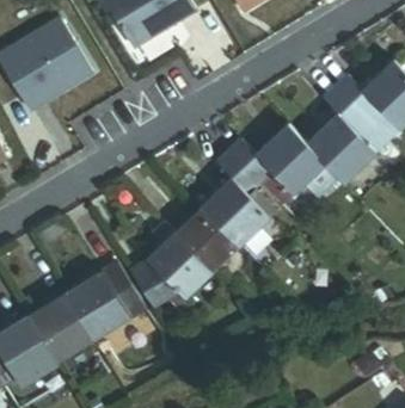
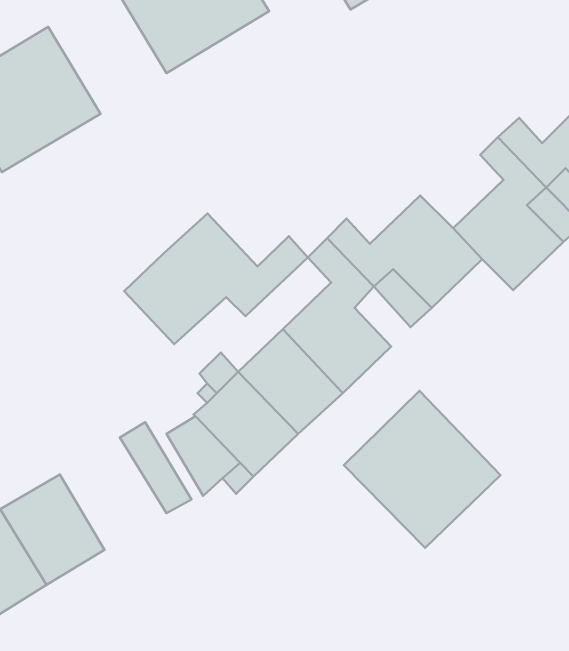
building: none -> [124,213,308,344]
building: none -> [344,391,501,548]
building: [65,272,130,341] -> none

